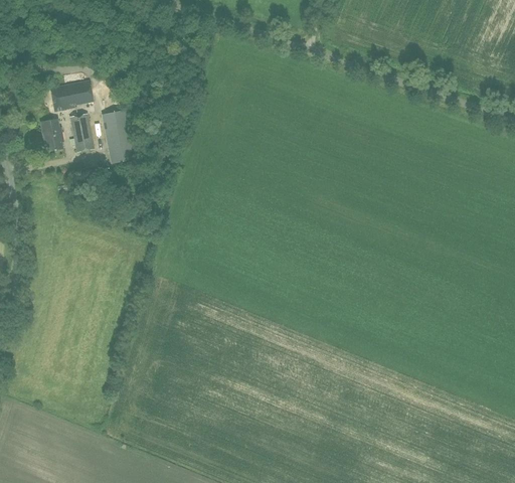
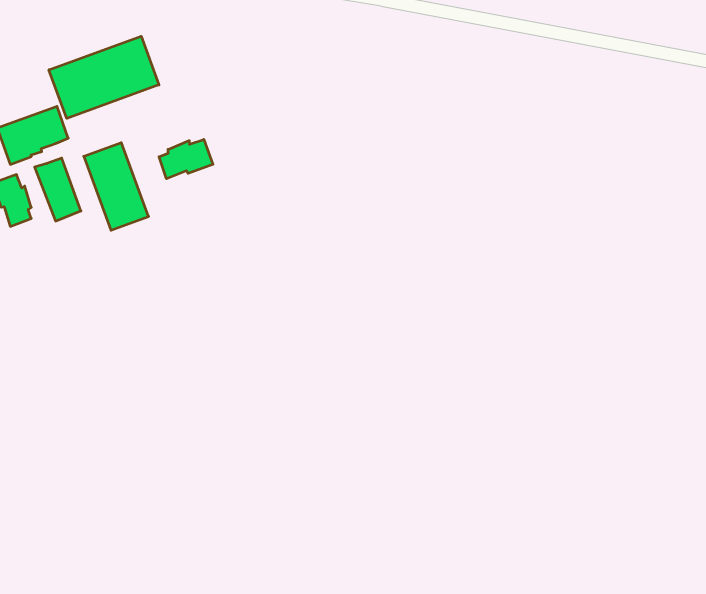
building: none -> [49,36,159,118]
building: none -> [159,139,213,179]

